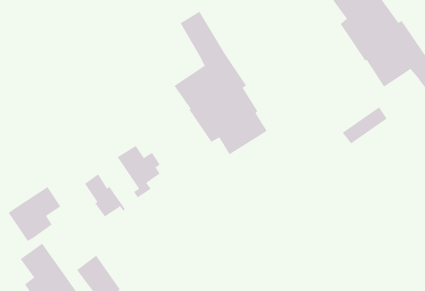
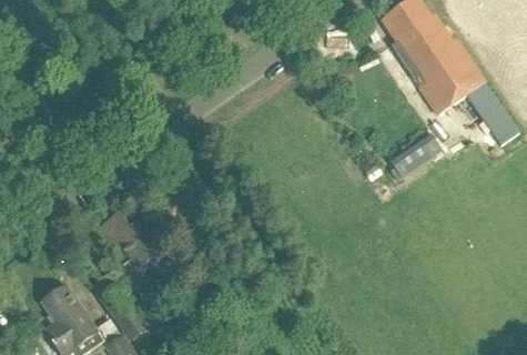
building: [174,11,267,155] -> none
building: [8,186,61,242] -> none

